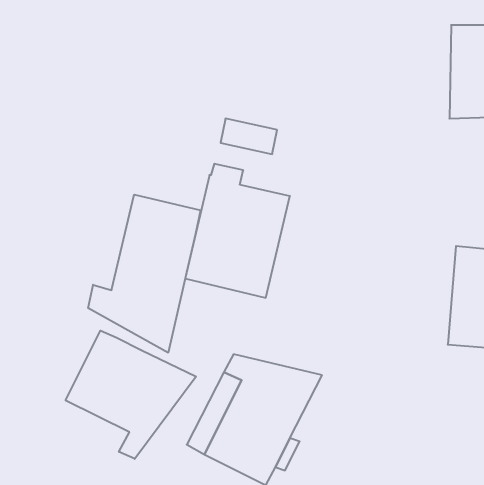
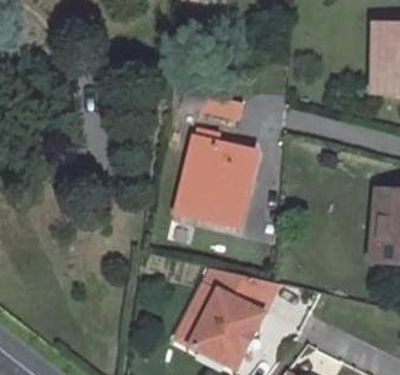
building: [88,195,200,353] -> none
building: [66,331,196,459] -> none

